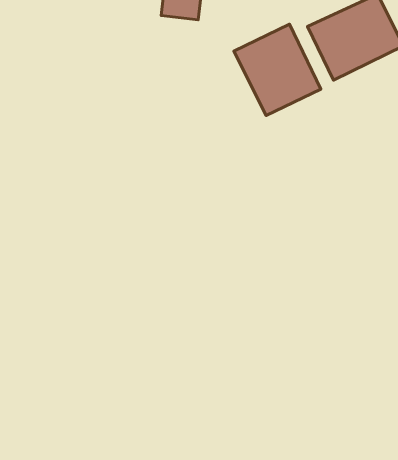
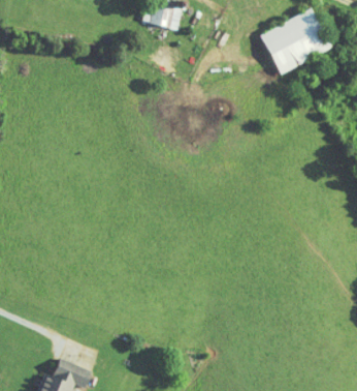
building: [234,24,321,115] -> none

